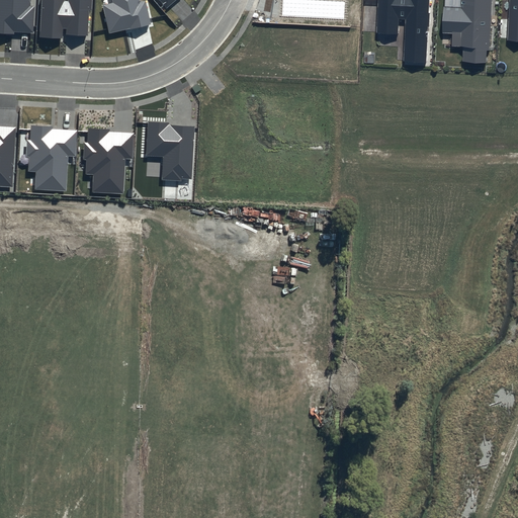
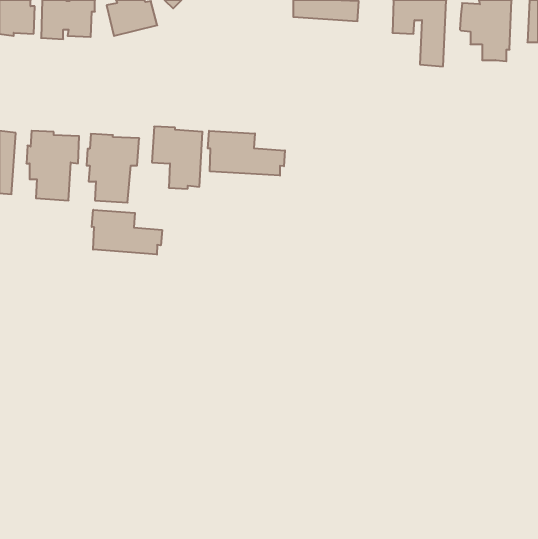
building: none -> [208,131,285,176]
building: none -> [92,210,162,255]

